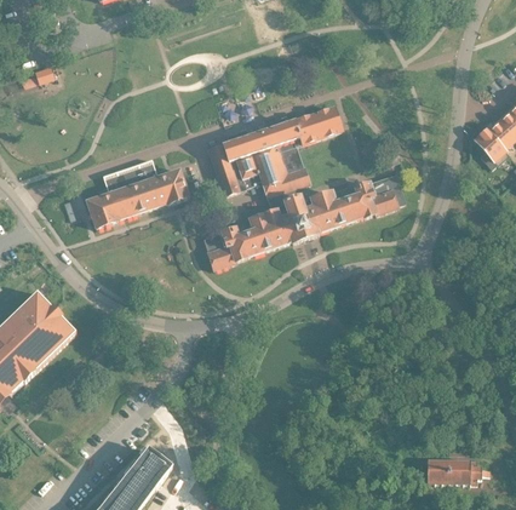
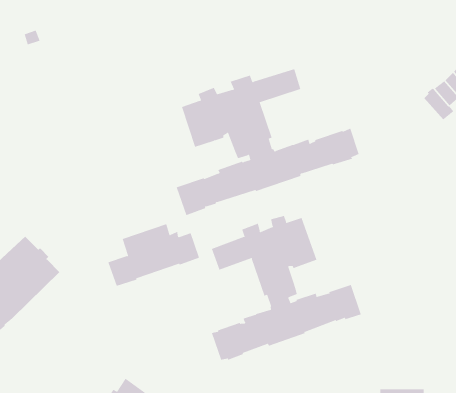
building: [86,159,188,228] -> [107,224,200,286]
building: none -> [211,215,362,361]

